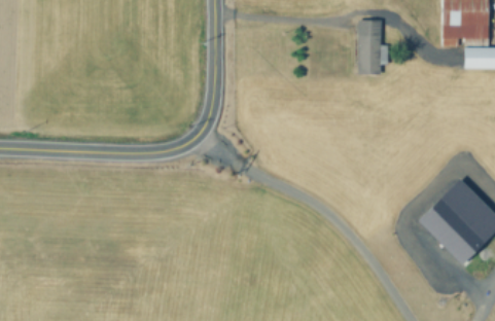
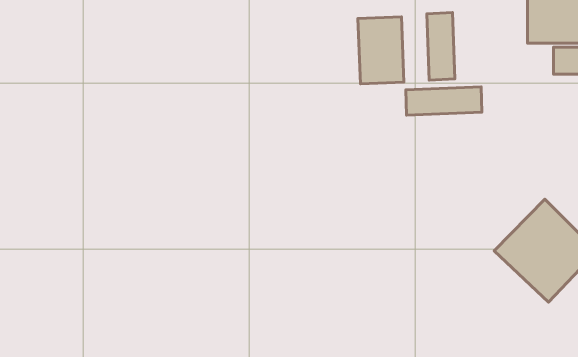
building: none -> [358,17,404,84]
building: none -> [406,87,482,115]

